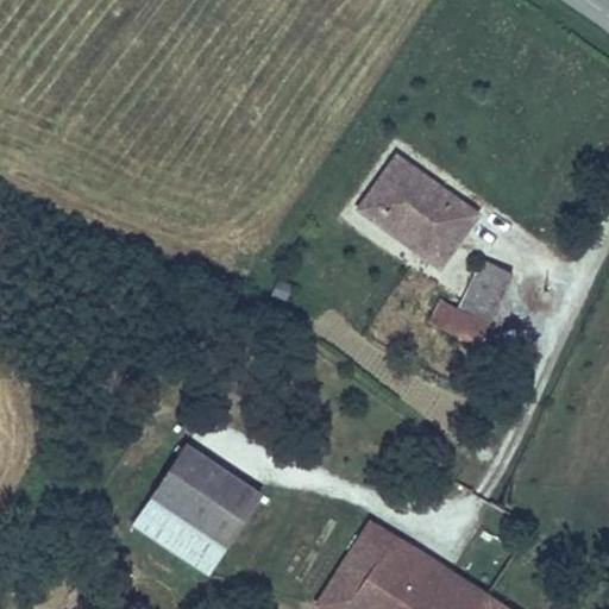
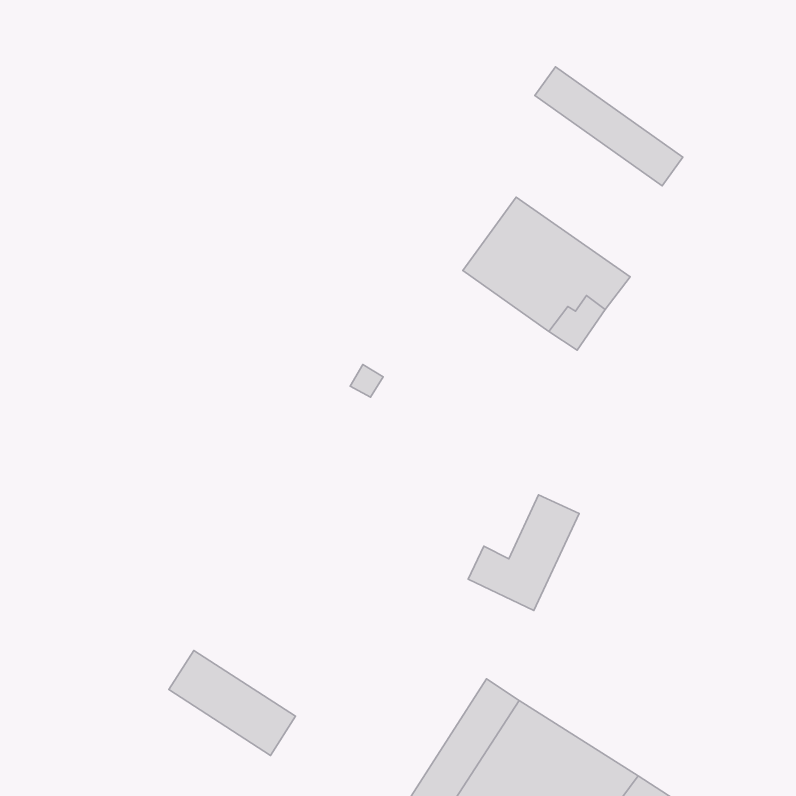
building: none -> [535,67,683,186]
building: [427,260,511,349] -> [468,495,579,610]
building: [150,441,263,547] -> none

